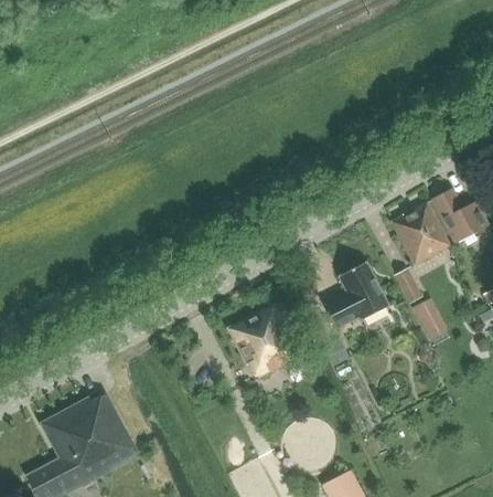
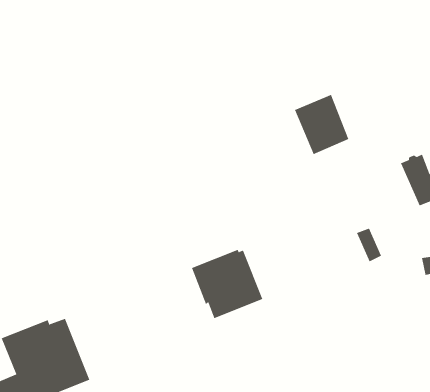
building: [390,202,450,266] -> [294,94,349,155]
building: [324,262,388,329] -> none
building: [411,298,447,339] -> none

